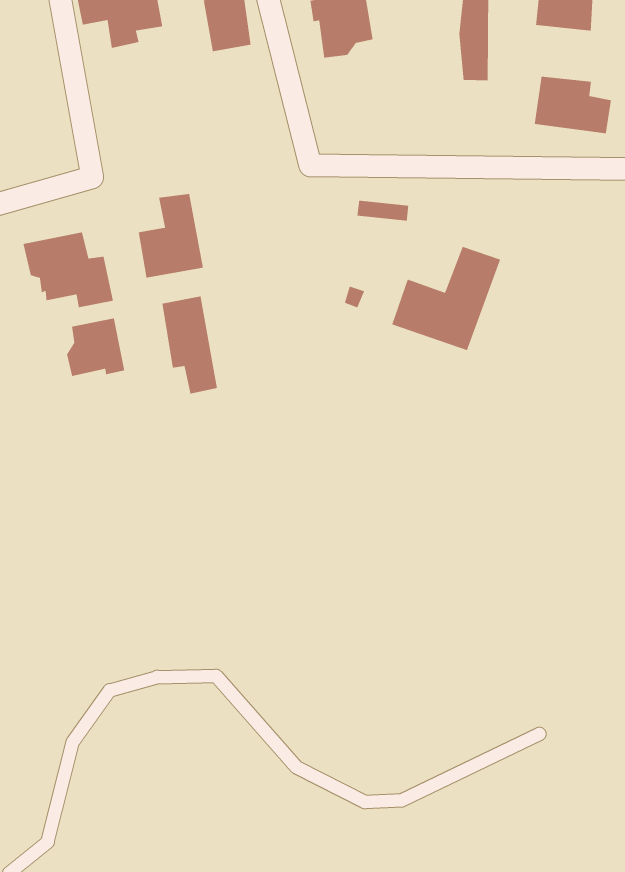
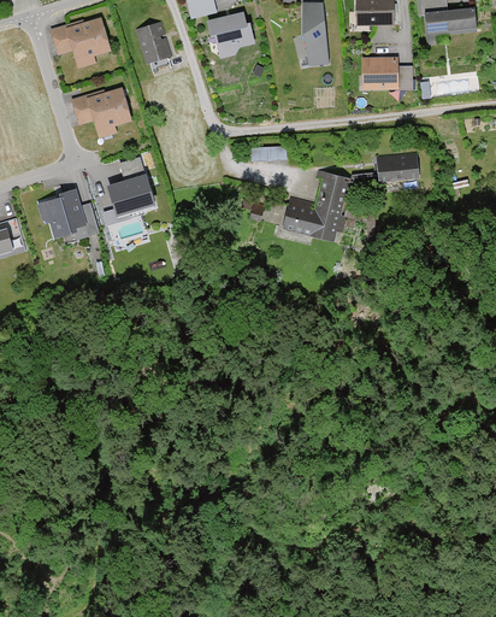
building: none -> [72,87,132,137]
building: none -> [376,154,417,182]
building: [161,295,218,395] -> none
building: [66,317,125,377] -> none

